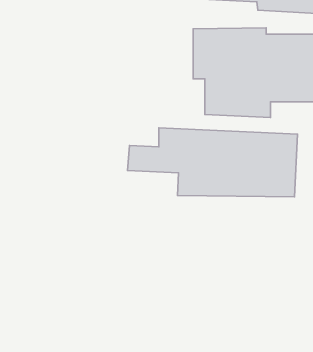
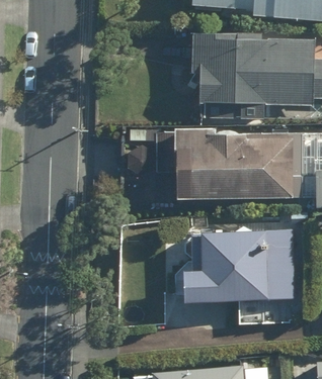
building: none -> [182,229,297,301]

